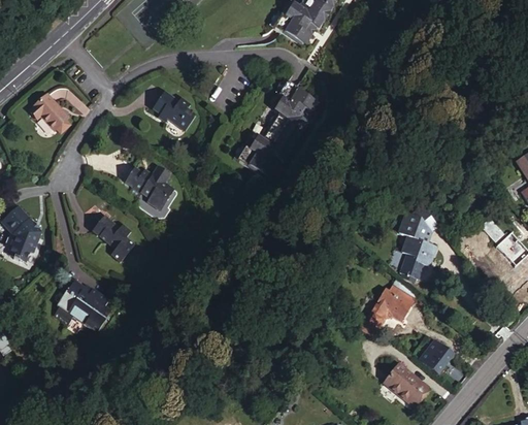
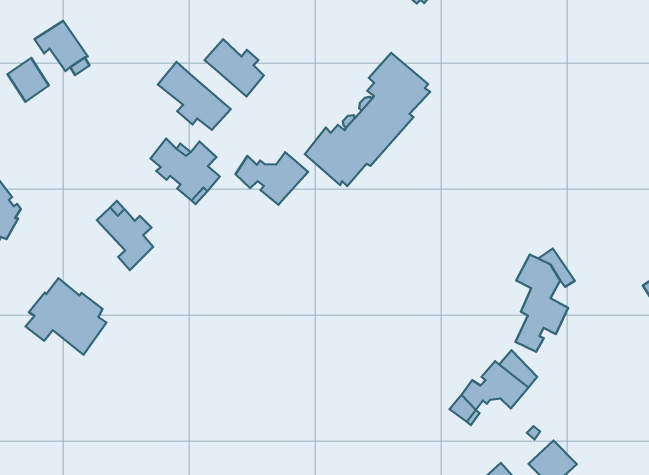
building: none -> [158,62,231,130]
building: none -> [7,58,49,102]
building: none -> [235,152,308,205]

